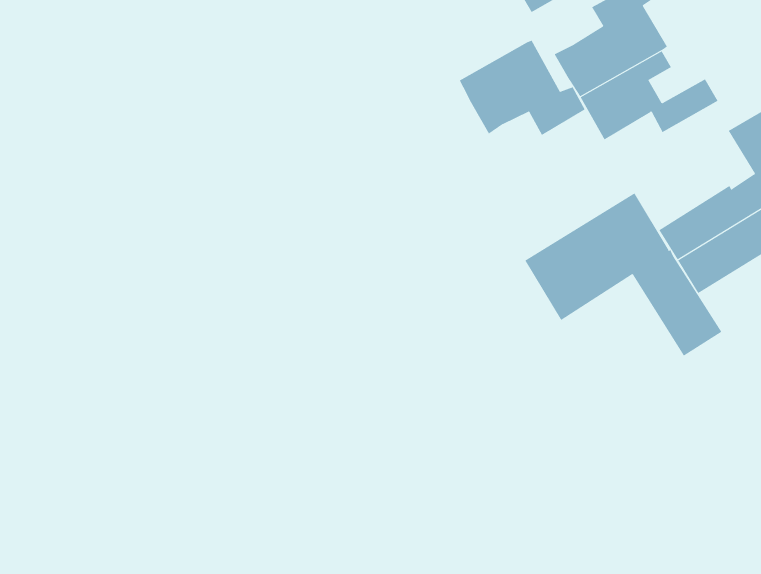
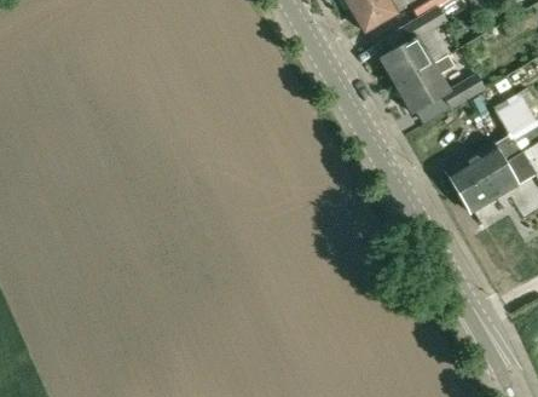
building: [459,40,586,136] -> none
building: [524,192,722,356] -> none

